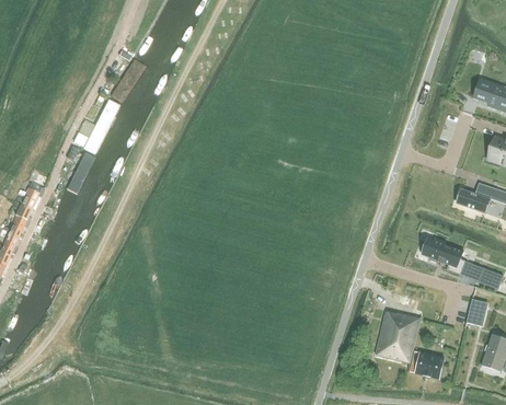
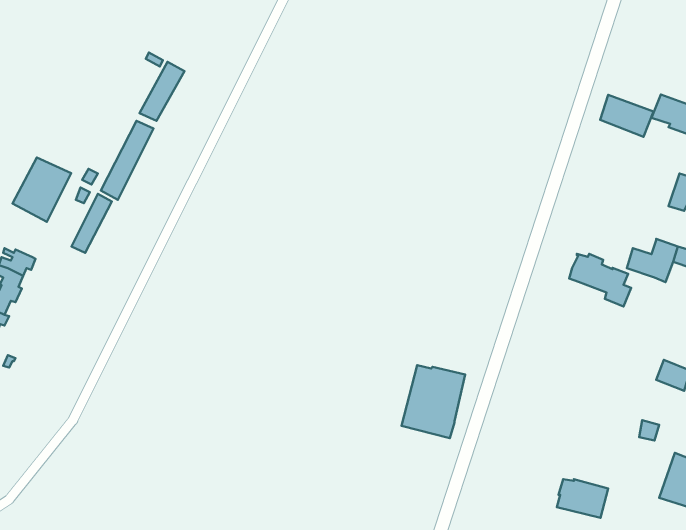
building: none -> [600,95,654,137]
building: none -> [12,157,71,222]
building: [421,236,464,274] -> [569,254,631,307]
building: [375,311,419,362] -> [402,365,465,438]

